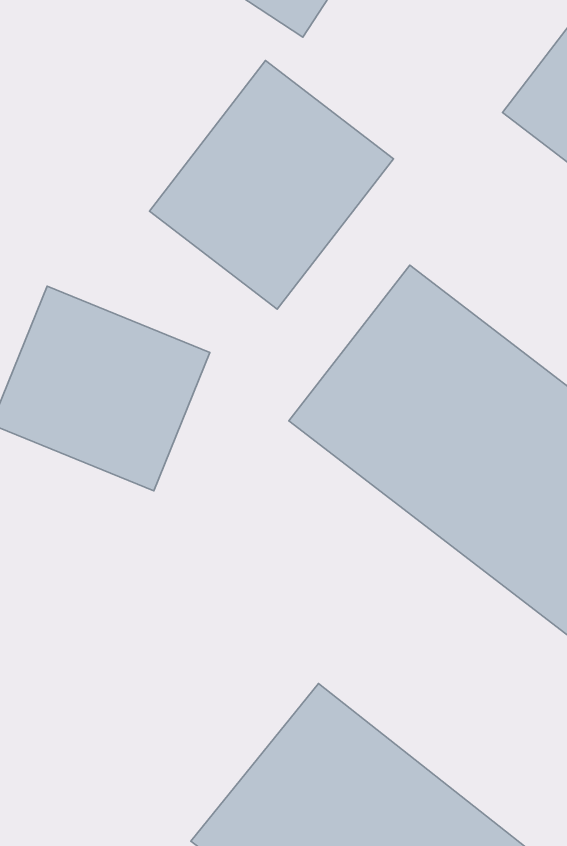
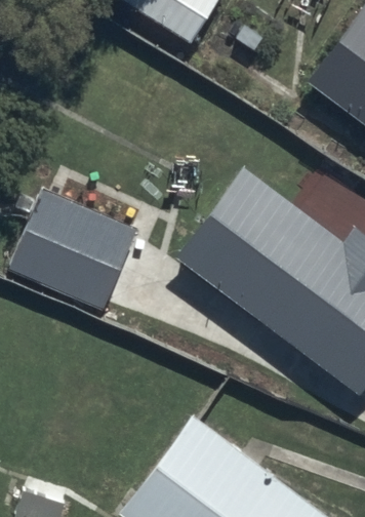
building: [149,61,393,309] -> none

